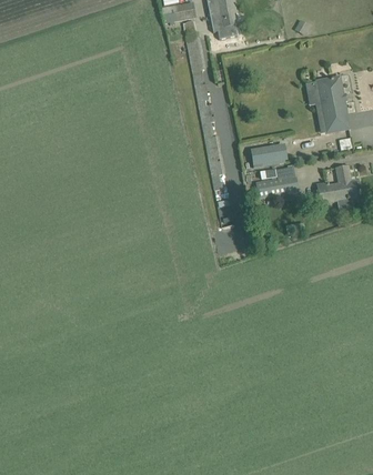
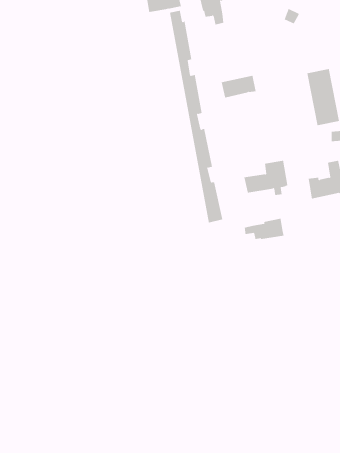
building: [253,142,288,164] -> [221,75,256,98]
building: none -> [244,218,284,240]

